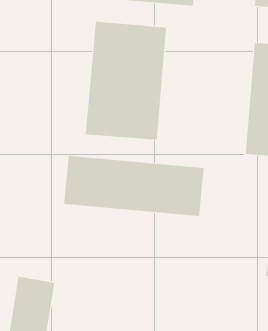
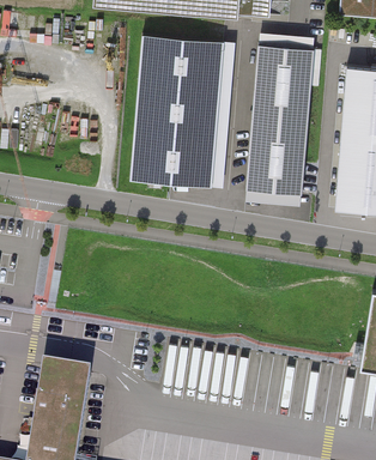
building: none -> [247,40,314,208]
building: [64,155,204,217] -> none

